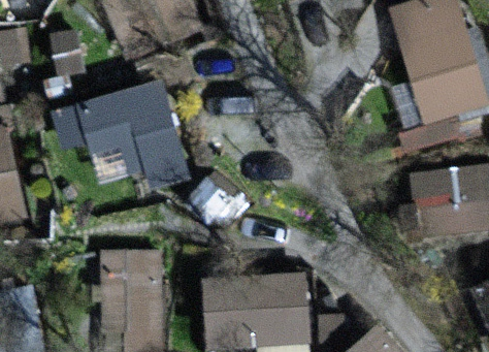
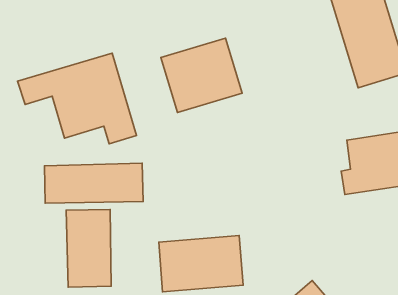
building: none -> [161,38,242,112]
building: none -> [44,163,143,203]

